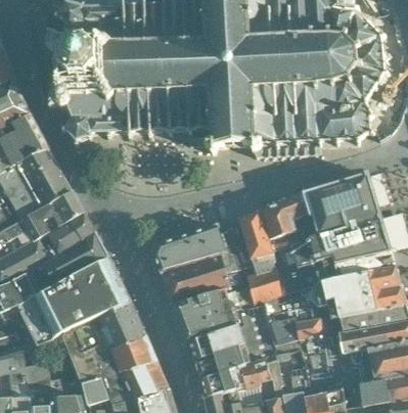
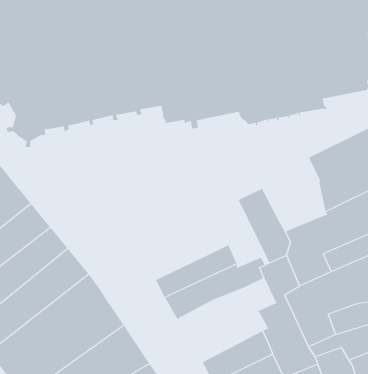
building: [259,191,307,247] -> none
building: [152,223,248,270] -> none
building: [172,287,243,341] -> none

